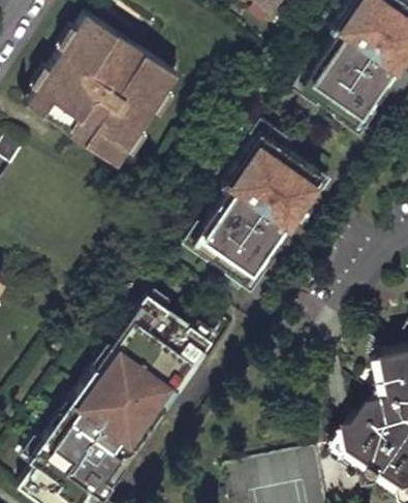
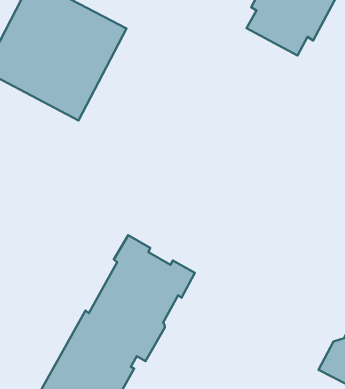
building: [193,133,319,282] -> none

